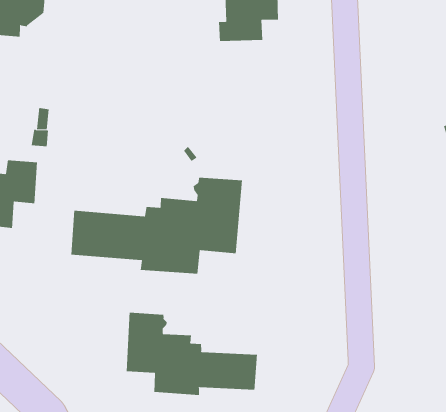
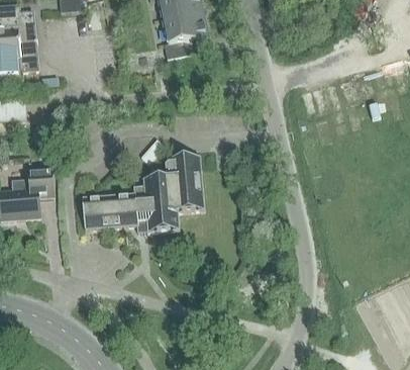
building: [126,312,257,396] -> none

